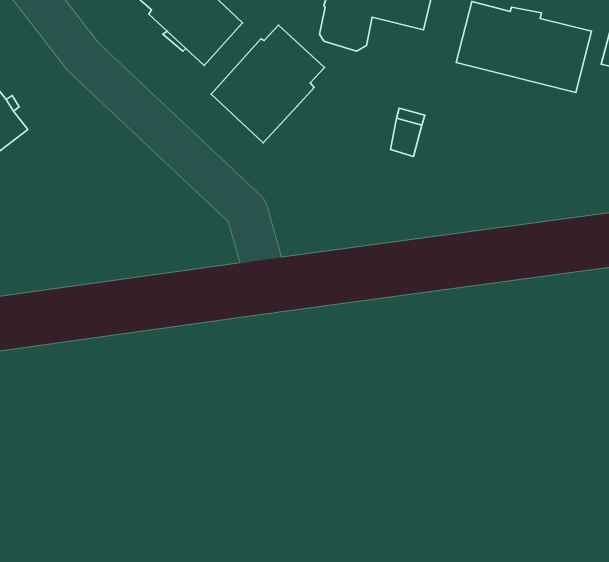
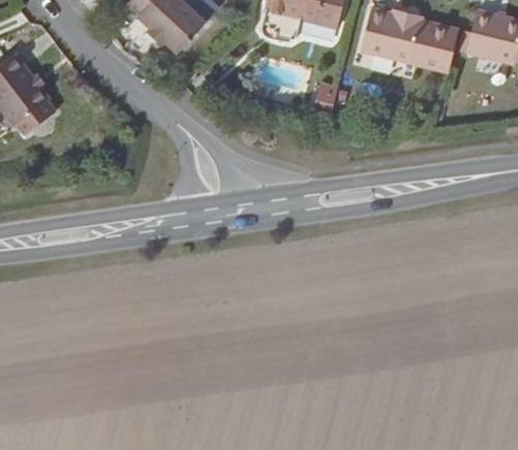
building: [211,25,325,143] -> none

